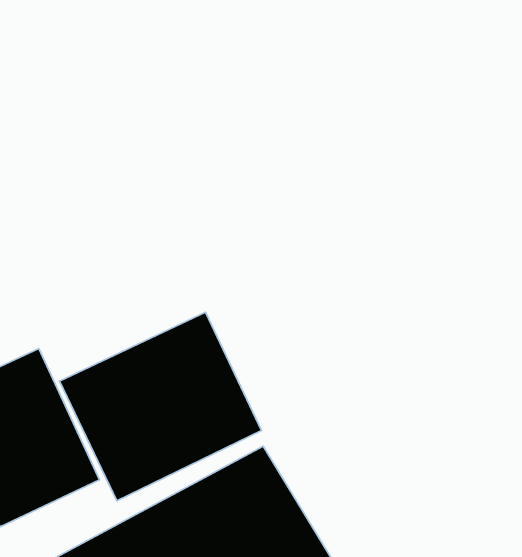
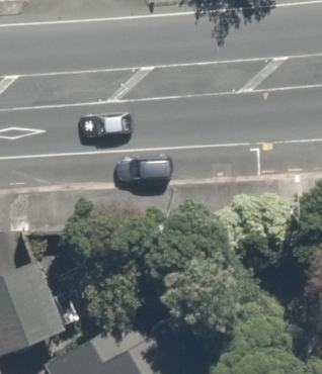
building: [59,312,262,501] -> none

